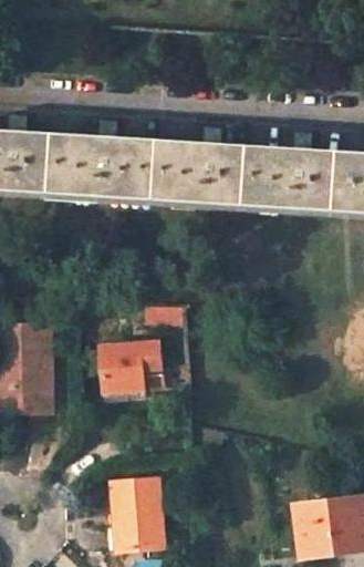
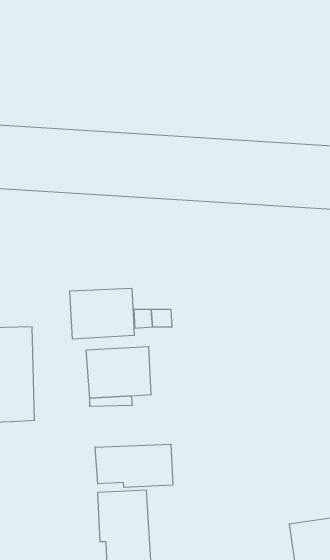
building: none -> [70,288,134,339]
building: none -> [95,444,173,487]

